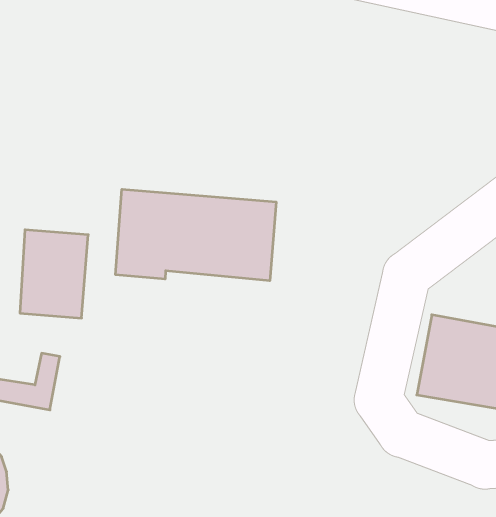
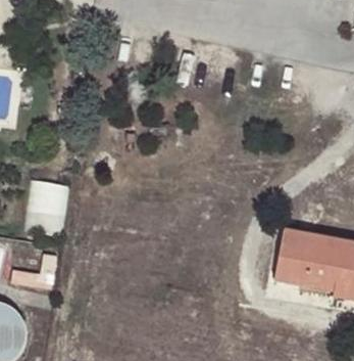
building: [116,189,276,281] -> none

